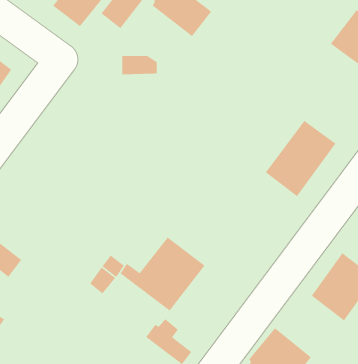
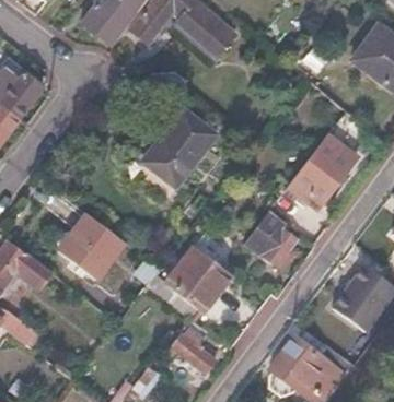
building: none -> [143,108,216,189]
building: none -> [246,212,299,272]
building: none -> [59,215,124,279]

